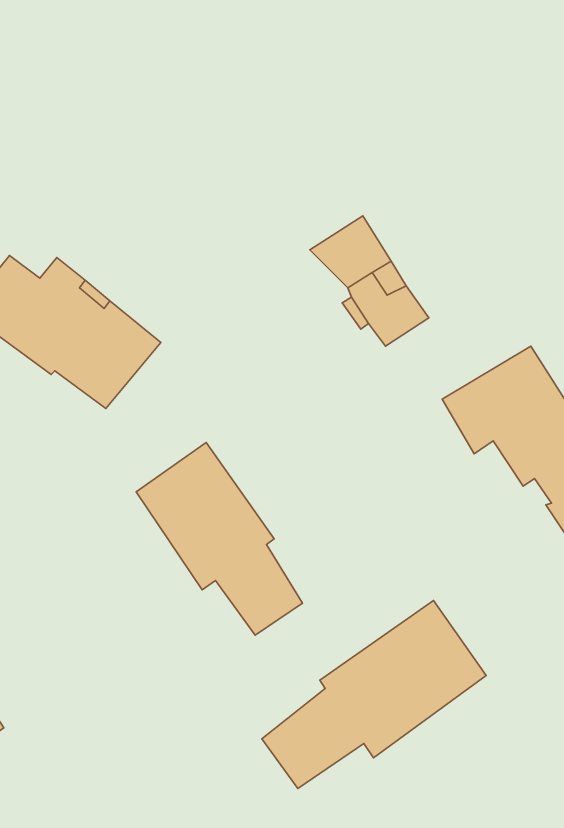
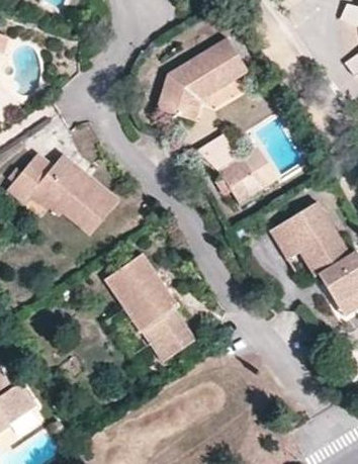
building: none -> [157,37,247,121]
building: [262,601,486,788] -> none

